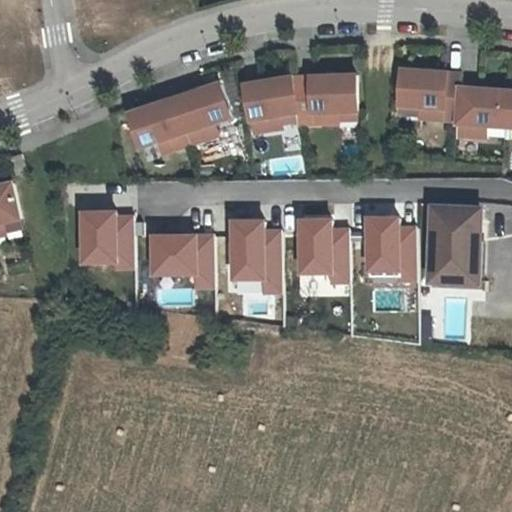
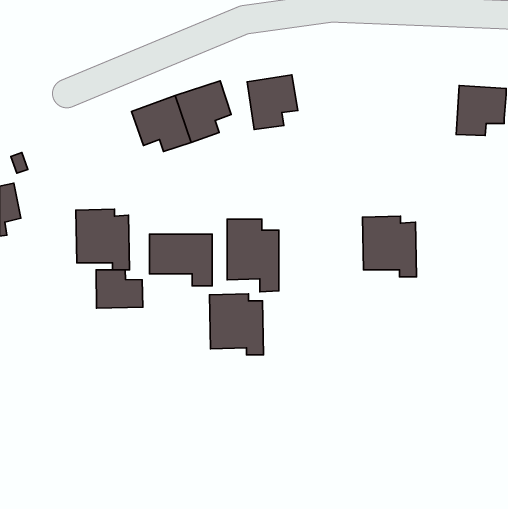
building: [401,68,462,119] -> none
building: [293,73,359,124] -> none
building: [424,204,484,284] -> none
building: [296,219,350,280] -> [210,294,263,355]
building: none -> [96,270,143,308]

